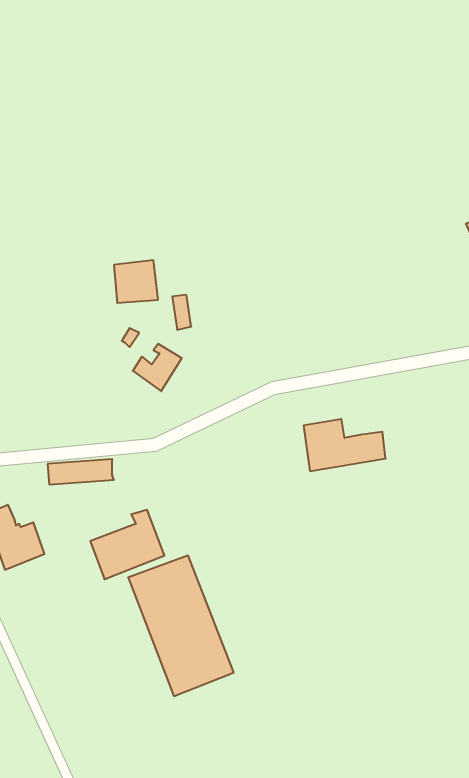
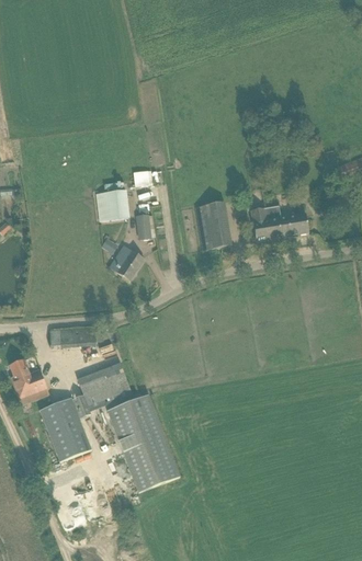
building: none -> [194,201,230,249]
building: [304,419,386,471] -> [250,204,307,240]
building: none -> [38,397,90,460]

